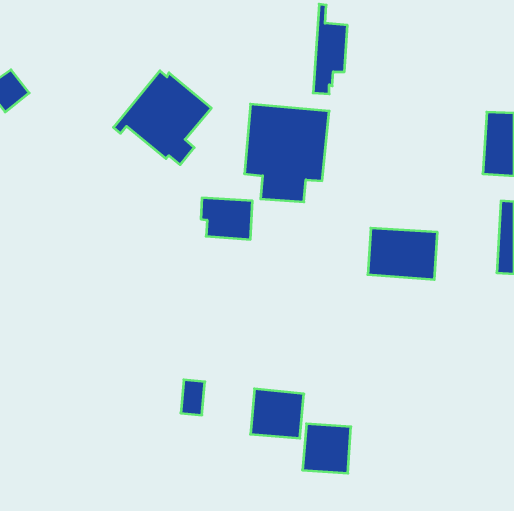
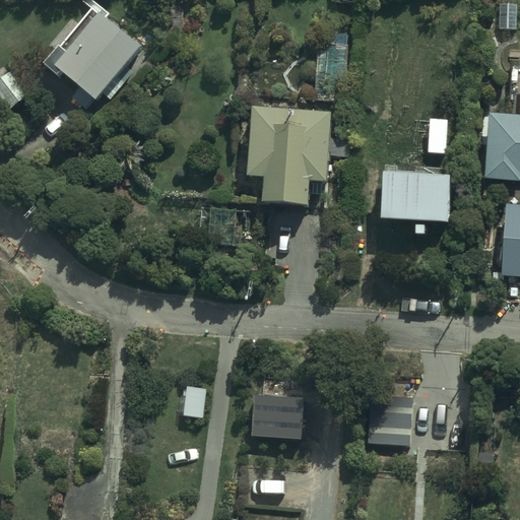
building: [113,71,211,165] -> [43,13,141,108]
building: [368,228,437,280] -> [382,170,452,221]
building: [302,424,351,473] -> [365,393,413,443]

